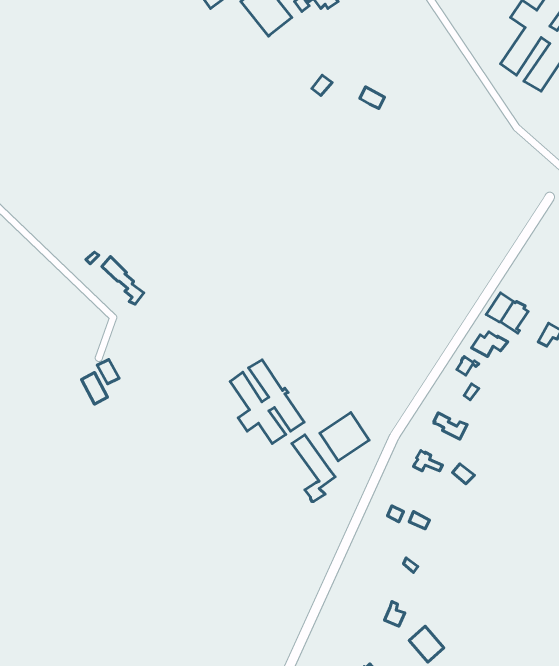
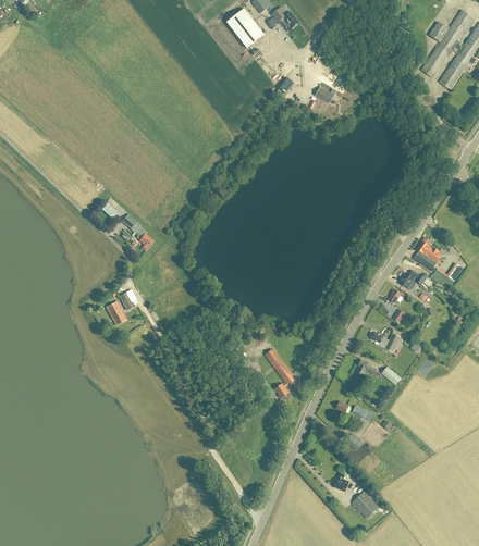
building: [230,360,304,444] -> none
building: [320,413,369,461] -> none

